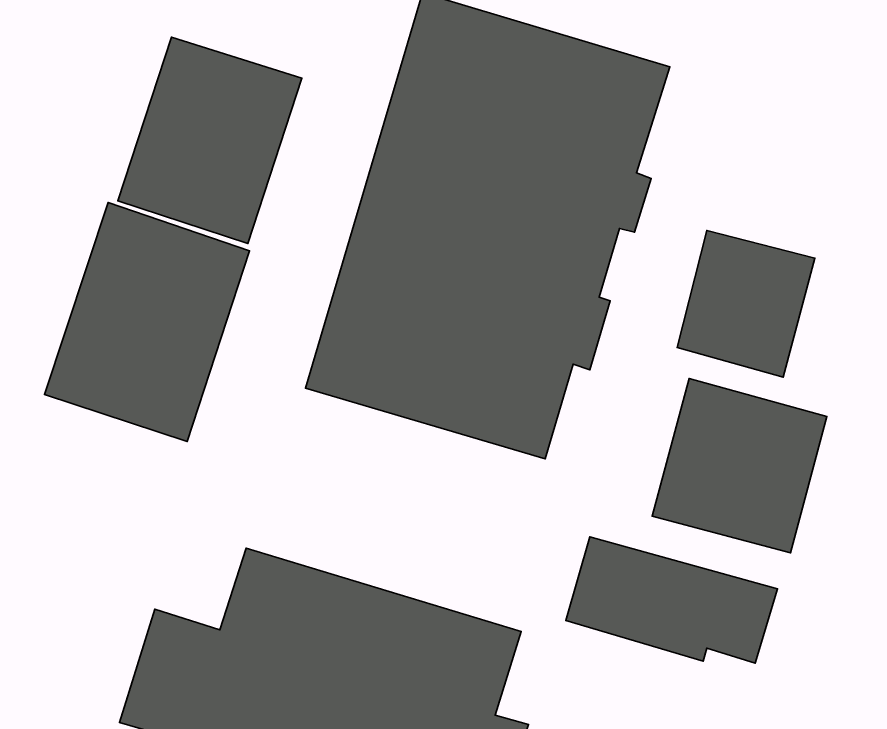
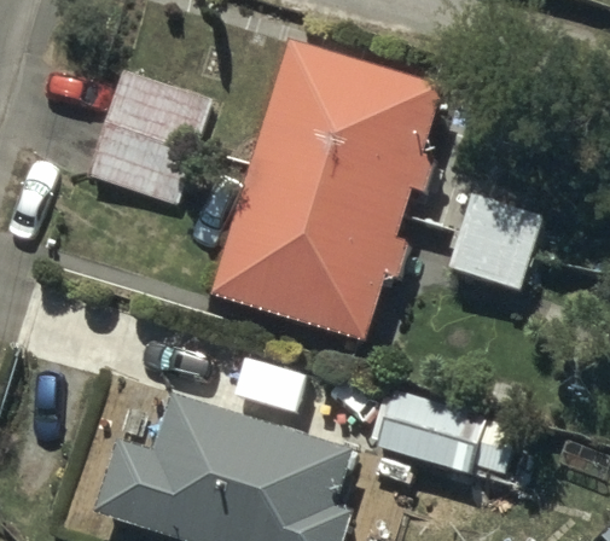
building: [44,202,249,441] -> none
building: [652,379,827,553] -> none

